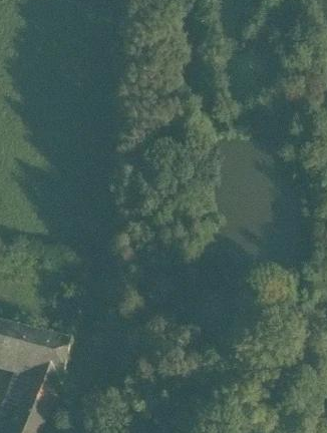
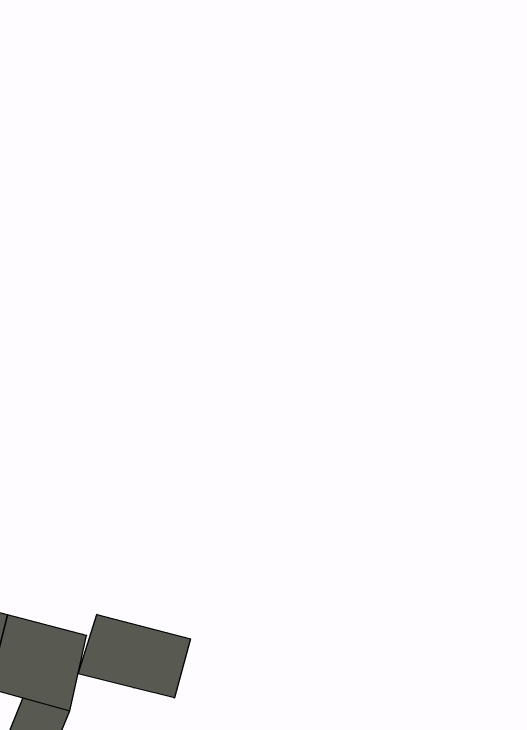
building: none -> [78,614,190,698]

